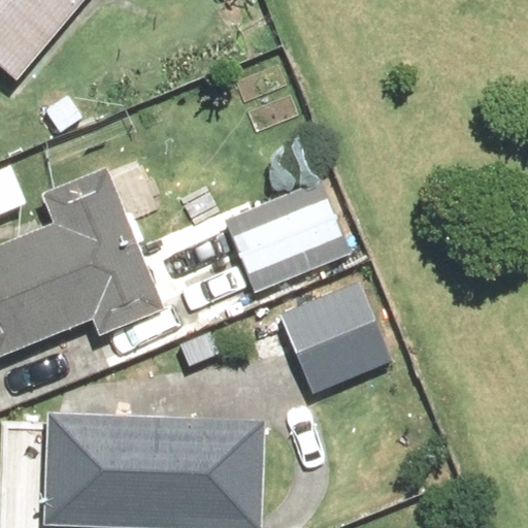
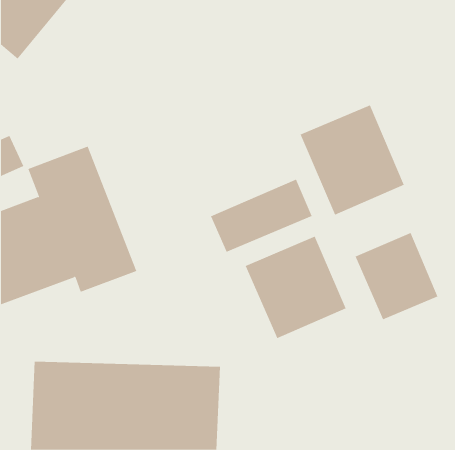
building: none -> [300,105,405,216]
building: none -> [355,232,438,320]

